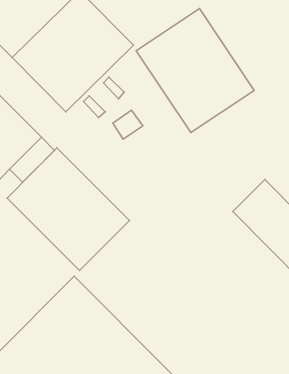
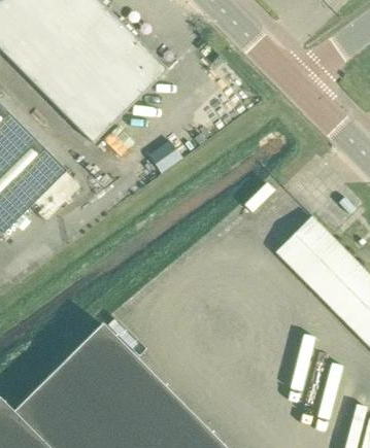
building: [136,9,254,133] -> none
building: [7,148,129,270] -> none

